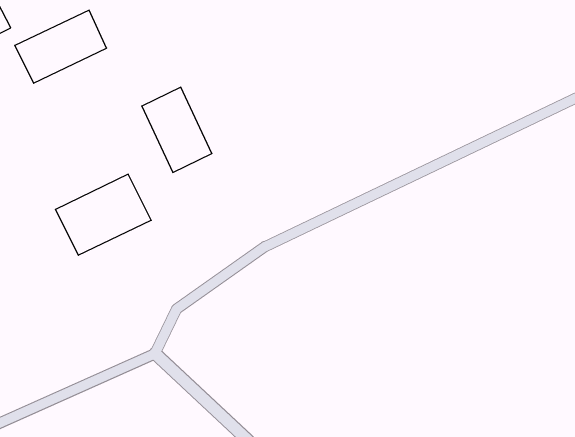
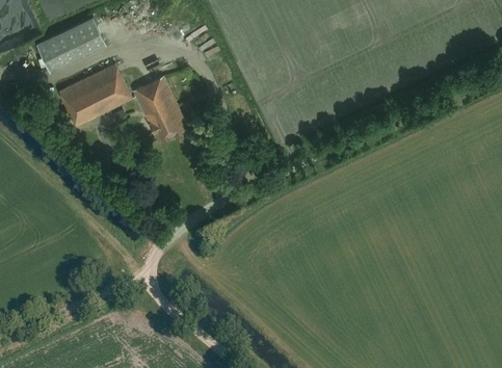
building: [55,174,151,255] -> [58,62,132,125]

